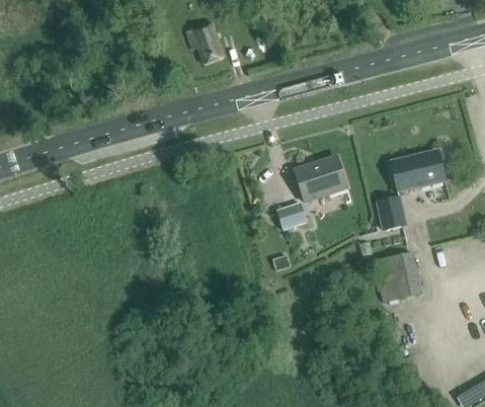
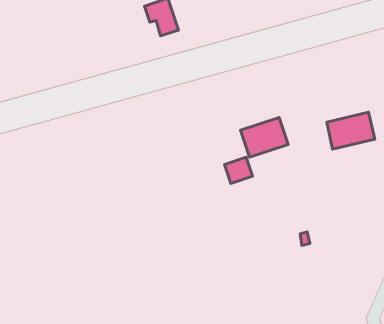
building: [378,195,406,229] -> none
building: [375,252,422,302] -> none

